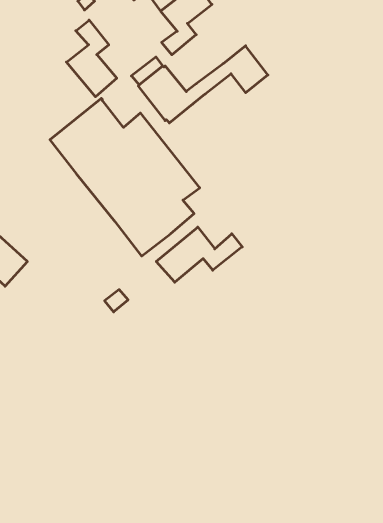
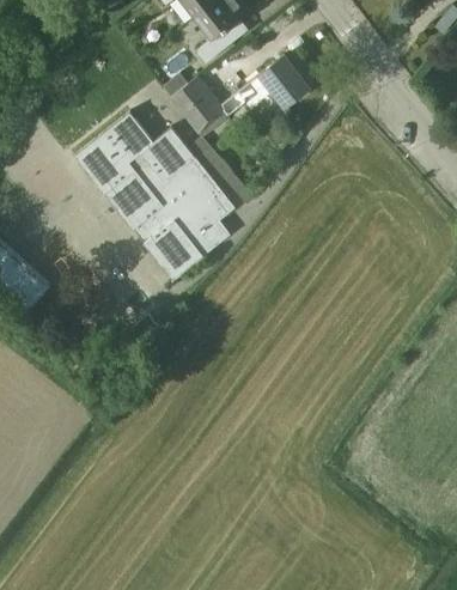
building: [66,20,117,97] -> none
building: [156,227,242,282] -> none

